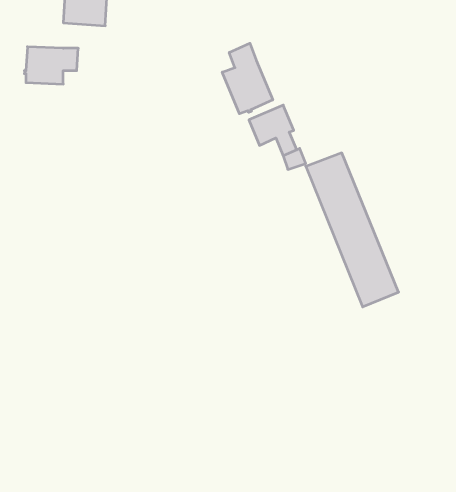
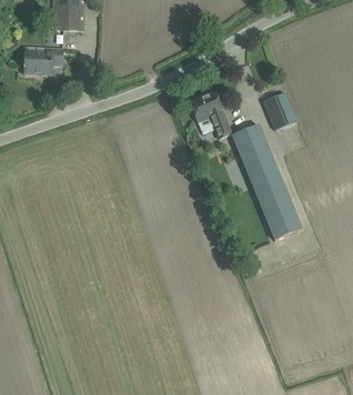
building: [222,43,273,114] -> none
building: none -> [263,91,296,129]

